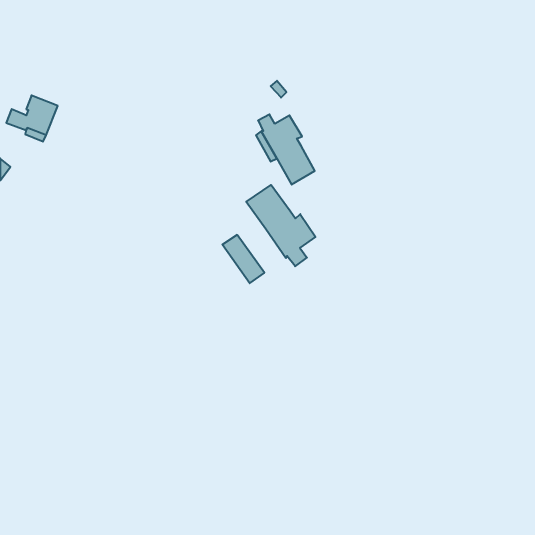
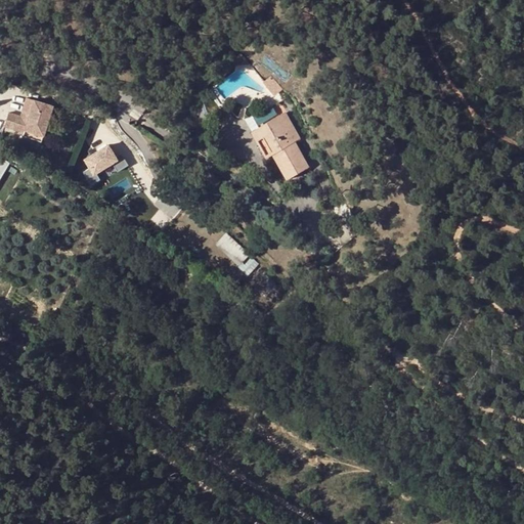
building: none -> [83,145,132,187]
building: [246,185,315,266] -> none

